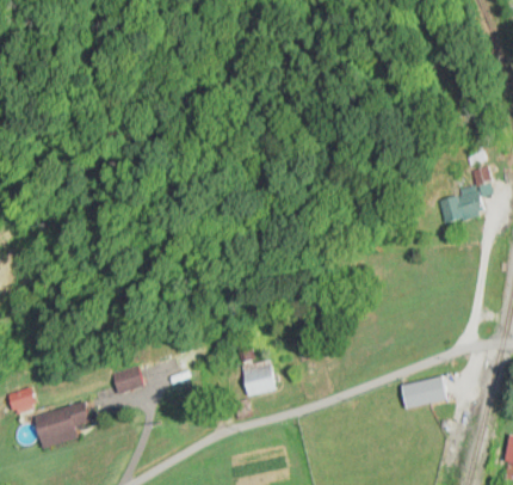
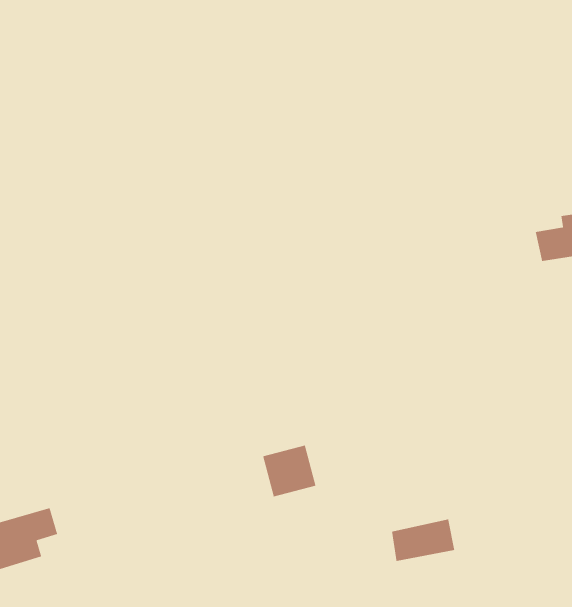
building: [110,366,142,394] -> none
building: [401,376,449,409] -> [391,518,455,562]

